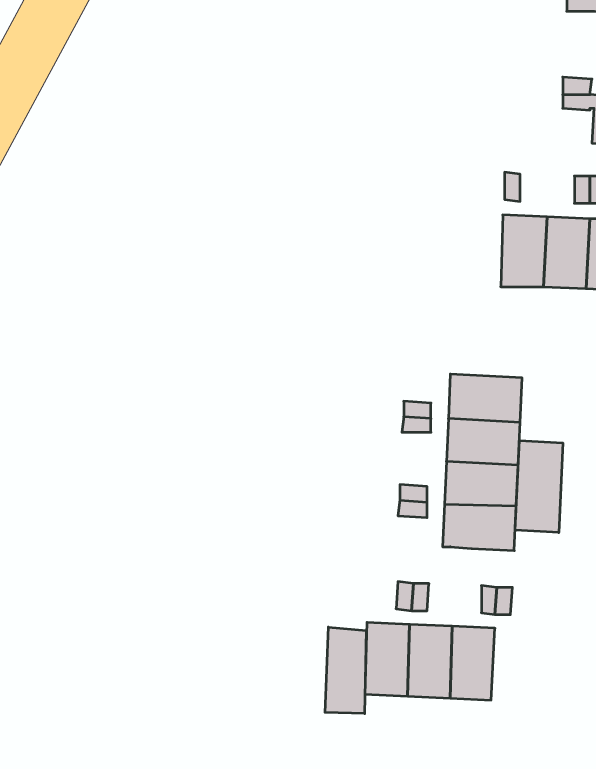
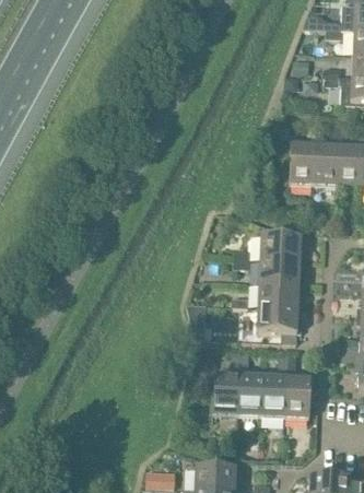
building: [515,440,563,533] -> none
building: [325,627,366,714] -> none
building: none -> [284,375,312,416]

